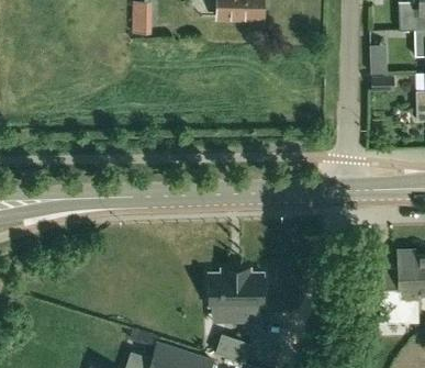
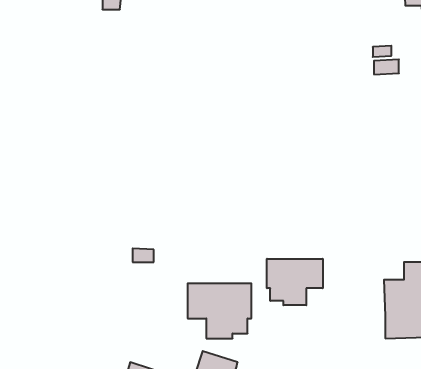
building: none -> [267,259,323,305]

